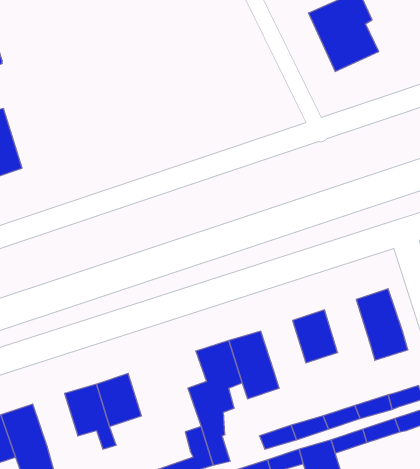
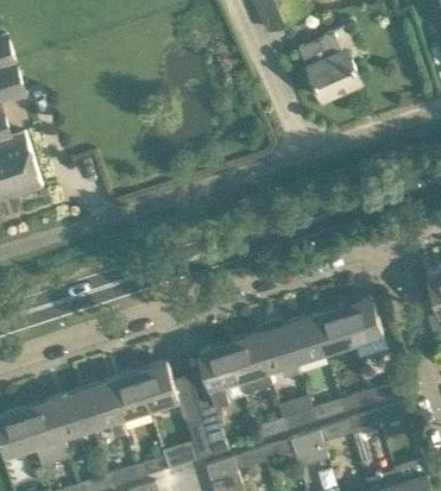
building: none -> [313,304,353,352]
building: none -> [256,317,300,378]
building: none -> [137,361,178,409]
building: none -> [51,389,92,436]

